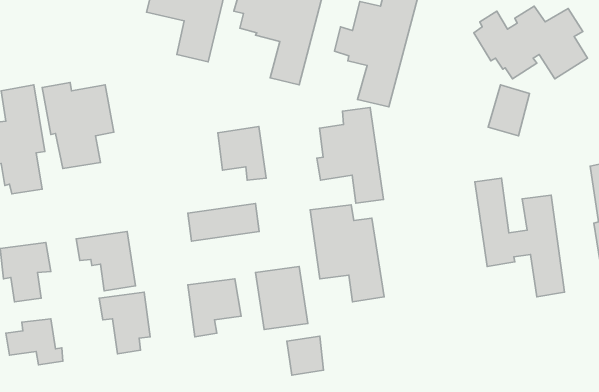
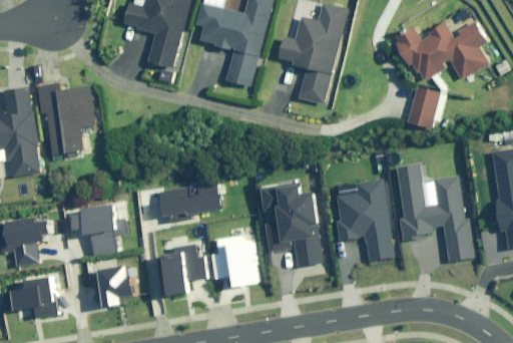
building: [317,107,384,203] -> [336,180,391,259]
building: [218,127,266,180] -> none
building: [287,336,324,375] -> none

